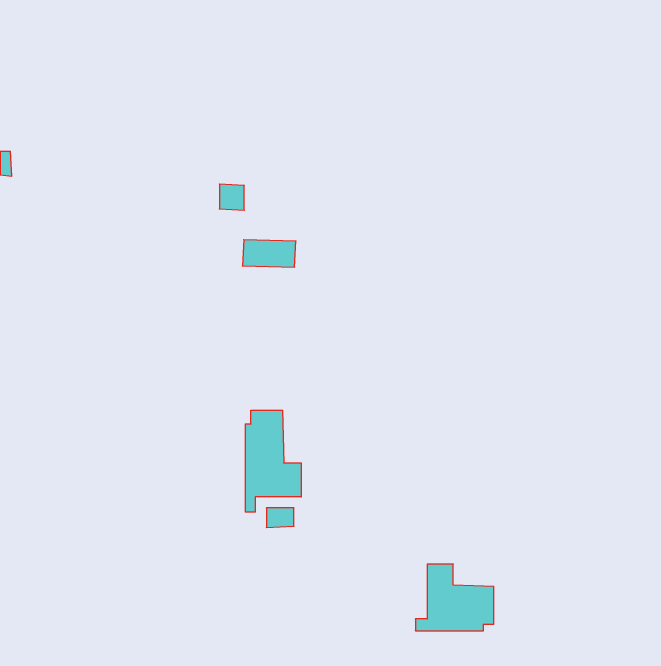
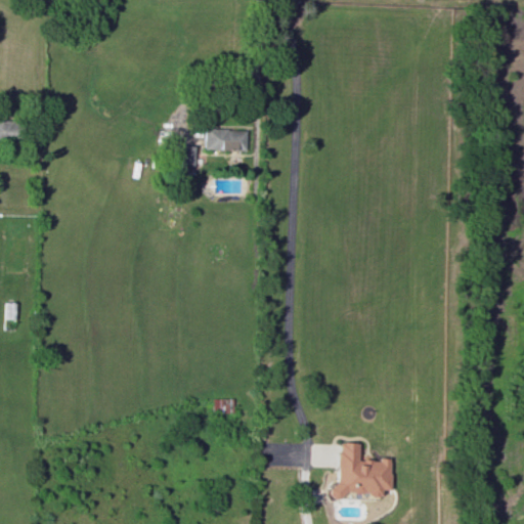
building: [242,240,296,267] -> [207,129,249,150]
building: [245,410,301,512] -> none

